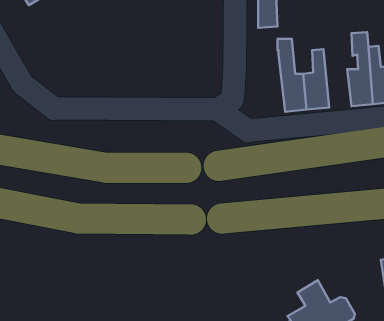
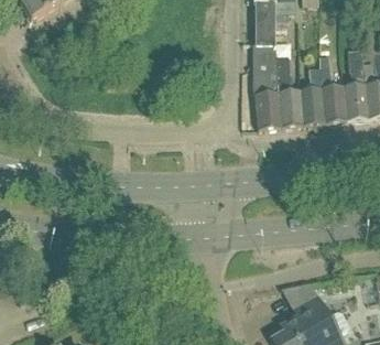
building: none -> [254,42,282,128]
building: none -> [318,52,347,121]

